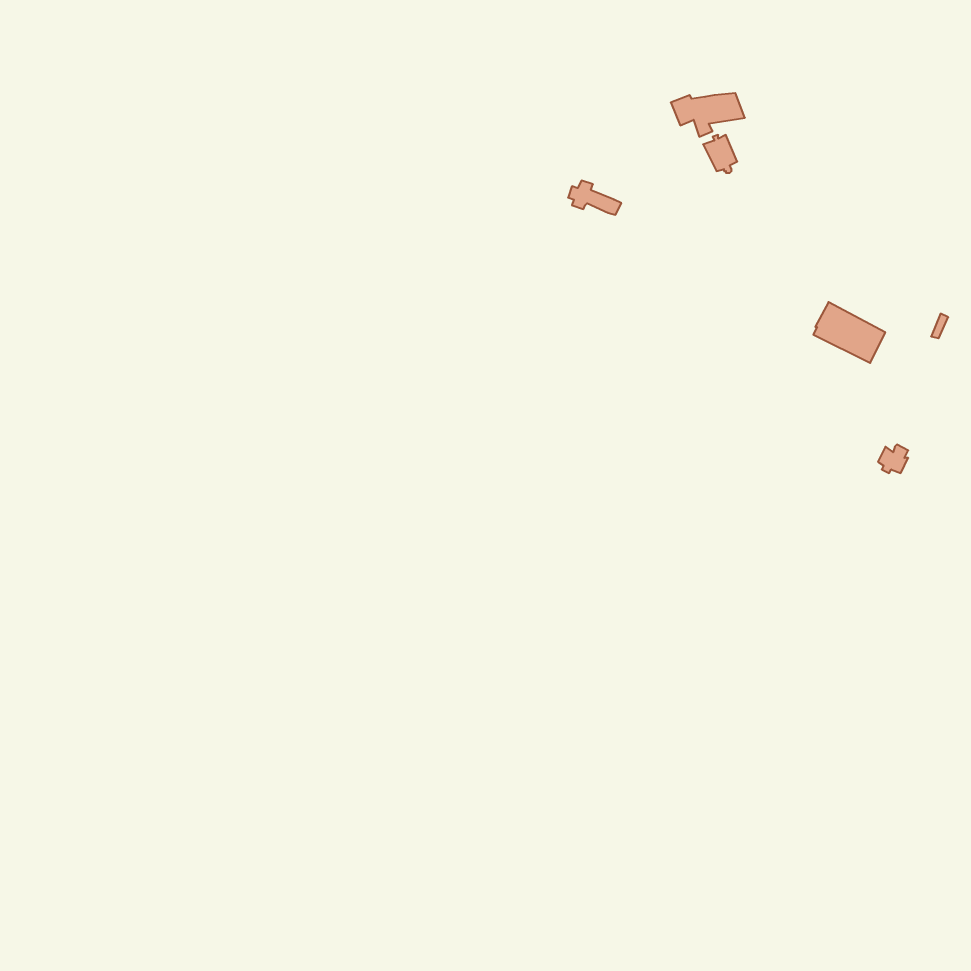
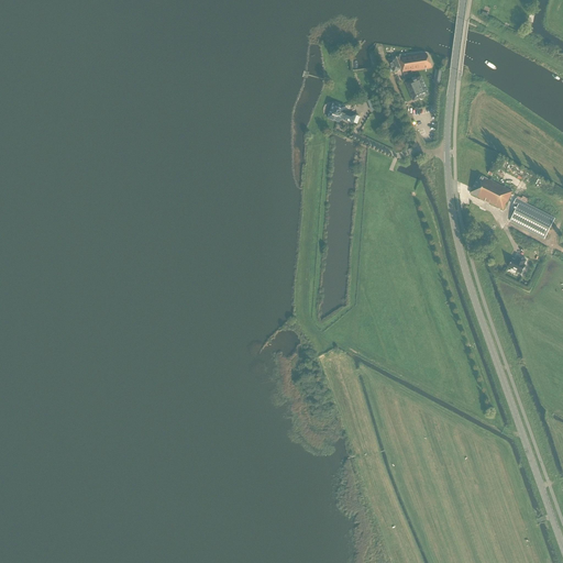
building: none -> [509,199,554,239]

